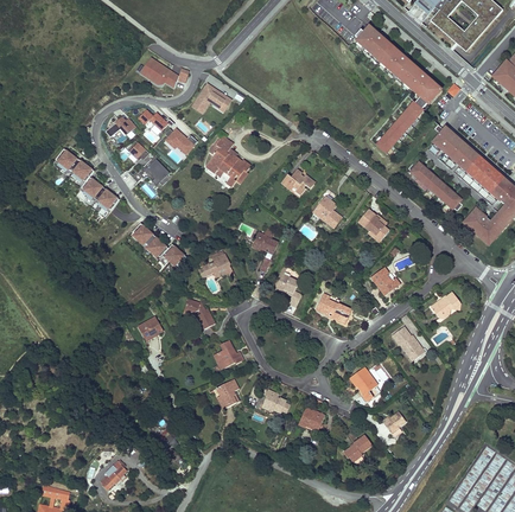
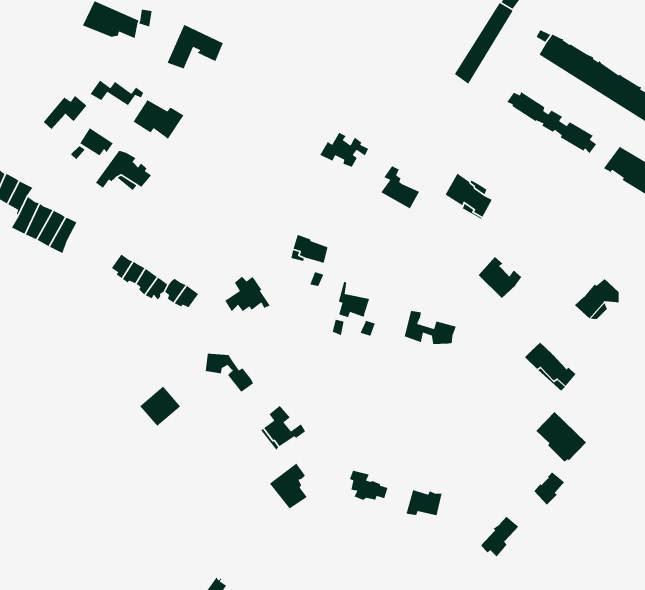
building: [206,135,252,185] -> none
building: [350,366,382,401] -> [536,411,587,462]

